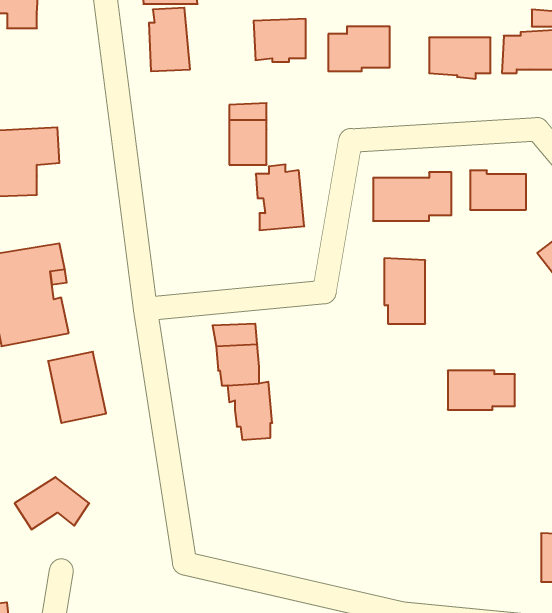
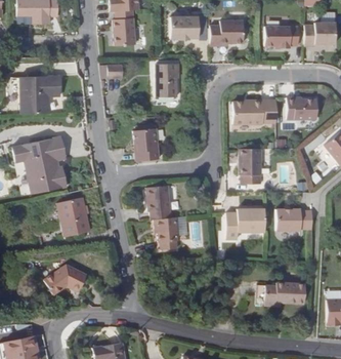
building: [256,165,304,230] -> [135,123,162,159]
building: none -> [226,207,265,238]
building: none -> [257,282,306,306]

